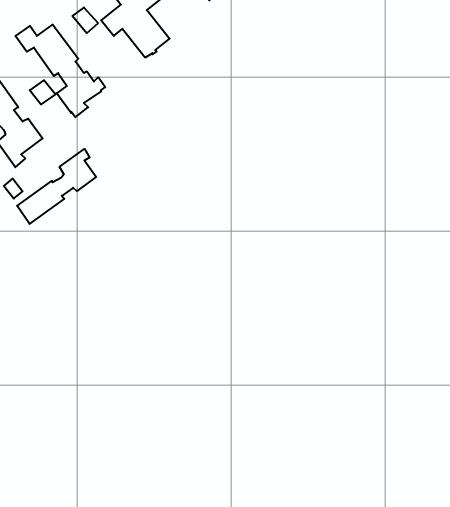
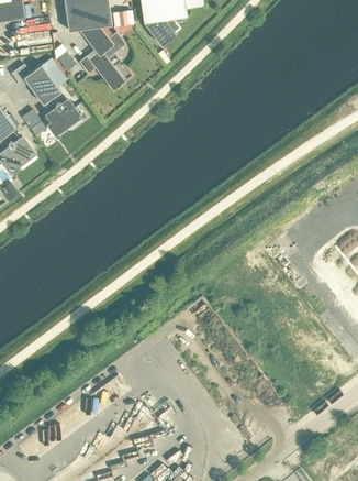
building: [17,149,96,224] -> none

